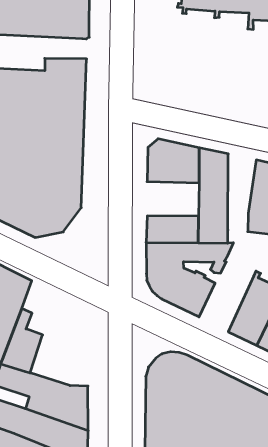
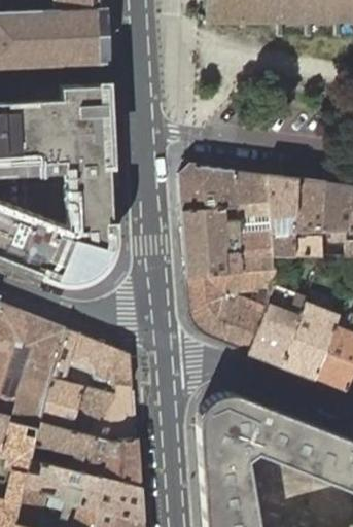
building: none -> [268,174,298,256]
building: none -> [182,208,241,248]
building: none -> [250,284,309,366]
building: none -> [58,328,133,386]
building: none -> [72,386,136,438]

